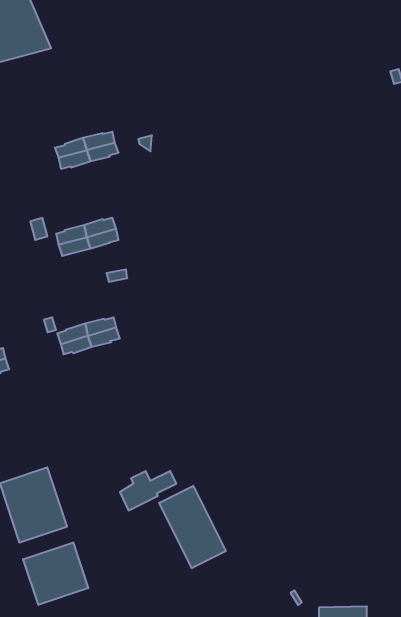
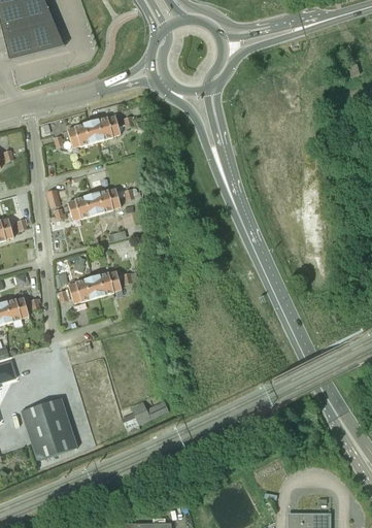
building: [159,486,226,568] -> none
building: [23,542,88,605] -> none

